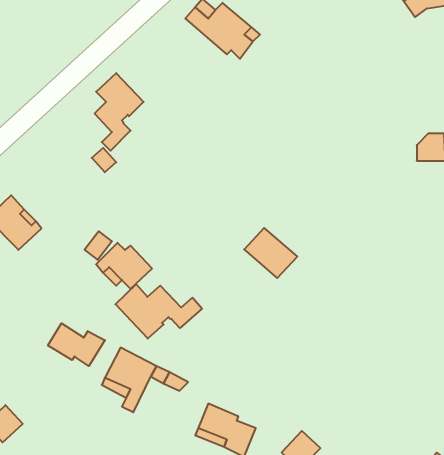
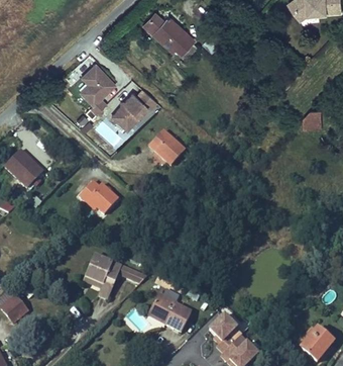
building: none -> [110,87,155,127]
building: [244,228,297,278] -> [148,130,186,166]
building: [115,284,202,339] -> none
building: [48,323,105,366] -> none

